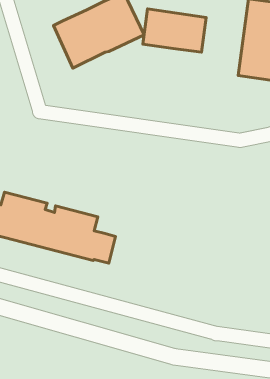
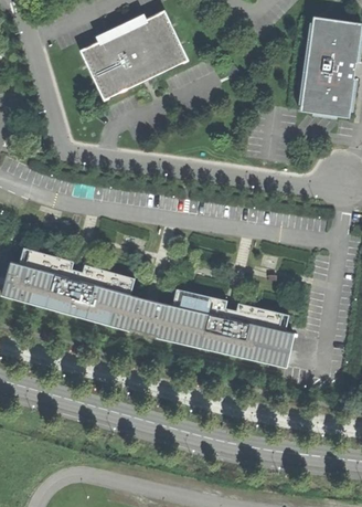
building: [143,9,206,52] -> none
building: none -> [147,288,292,369]

